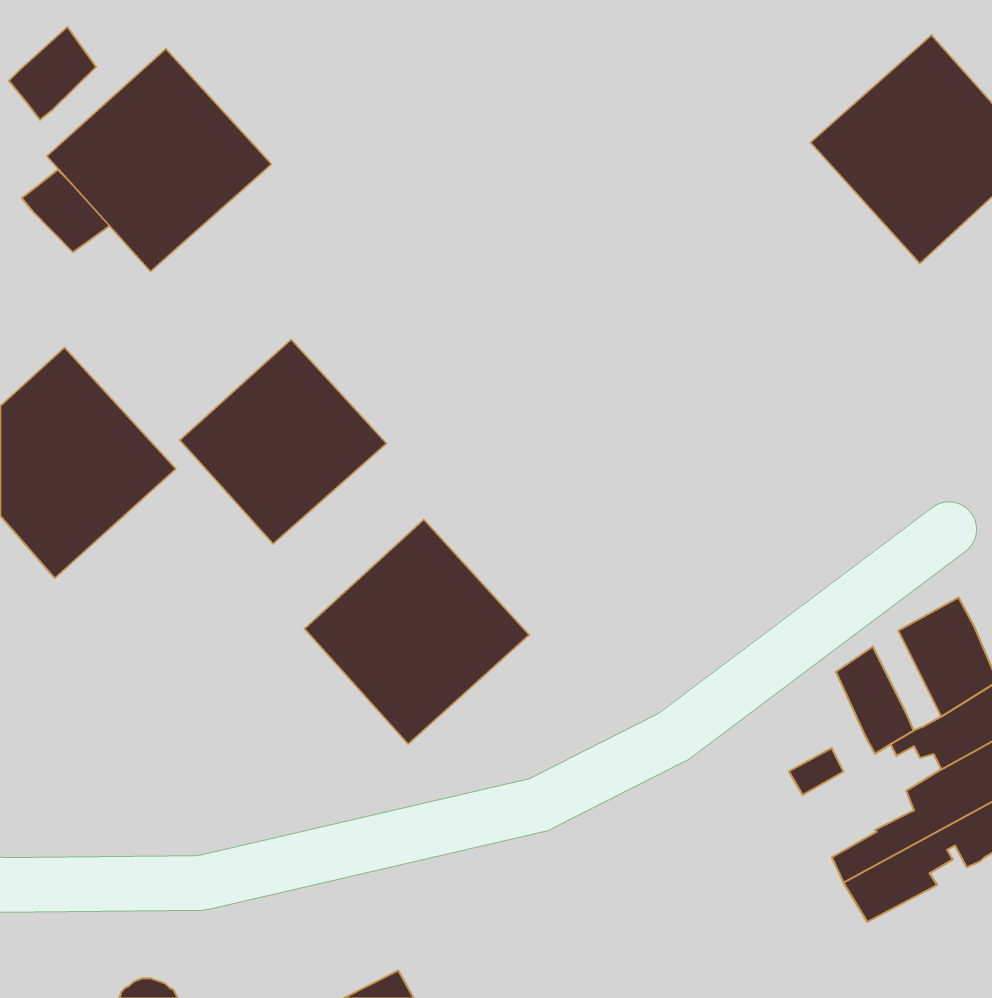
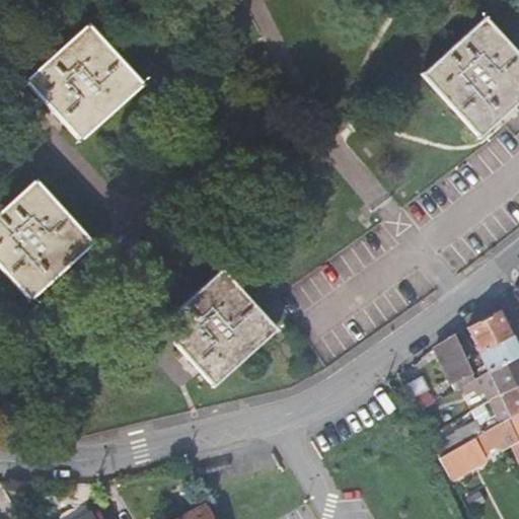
building: [9,27,96,120] -> none
building: [22,170,109,252] -> none
building: [180,340,386,544] -> none

